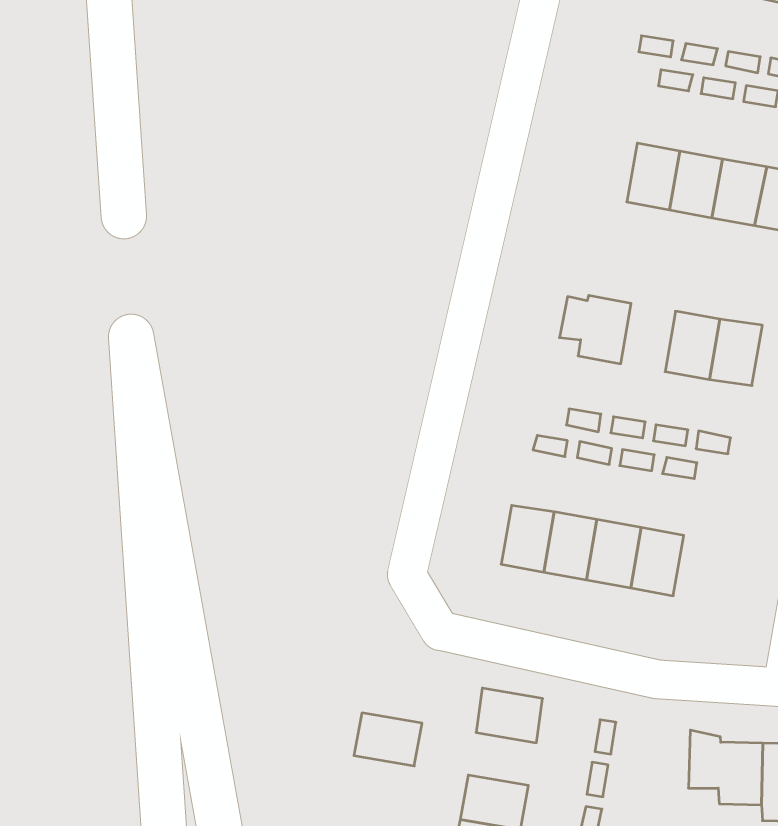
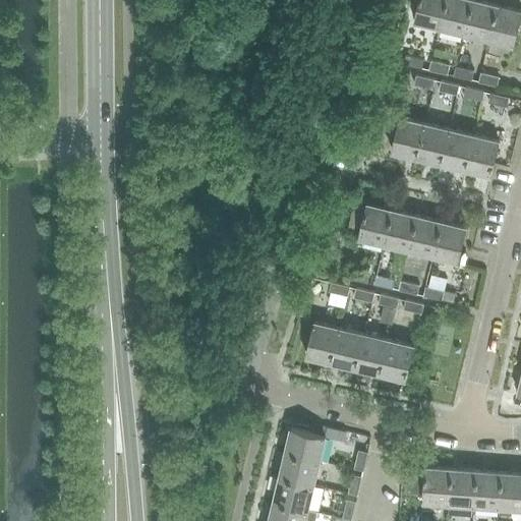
building: none -> [382,211,415,251]
building: [354,713,422,766] -> [279,454,320,486]

